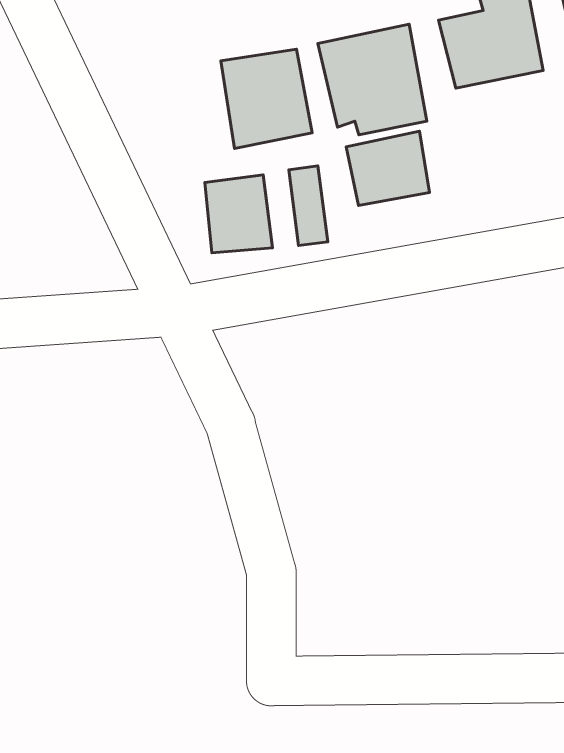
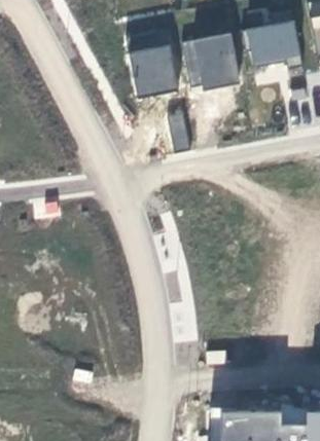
building: [346,131,430,205] -> none
building: [205,175,273,253] -> none

